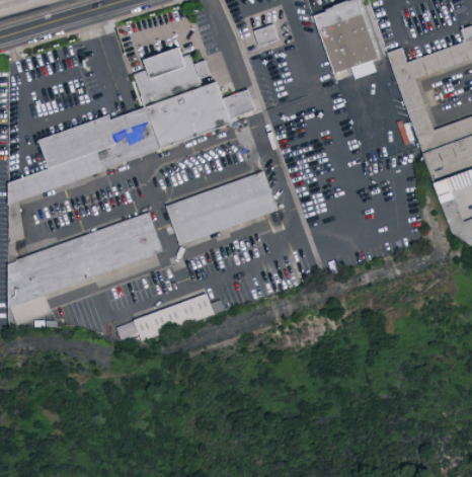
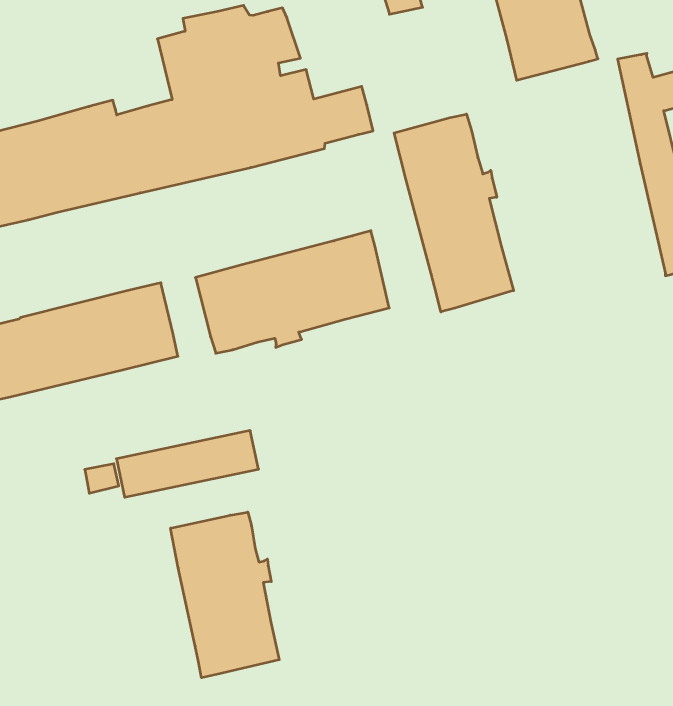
building: none -> [394,114,514,312]
building: none -> [171,512,279,678]

